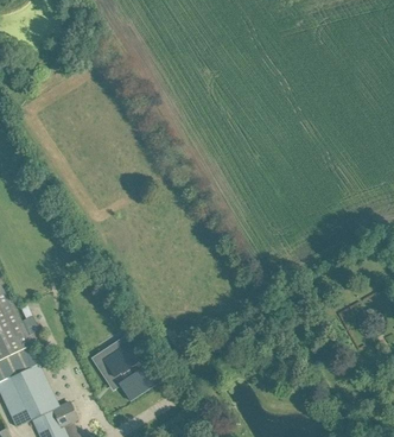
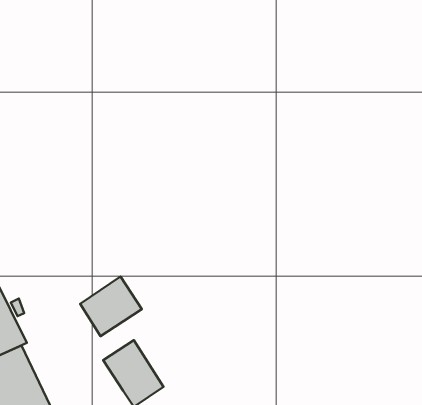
building: none -> [80,276,142,336]

